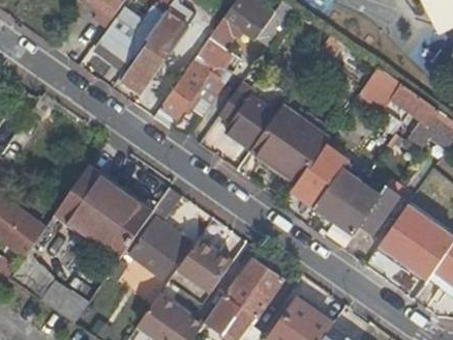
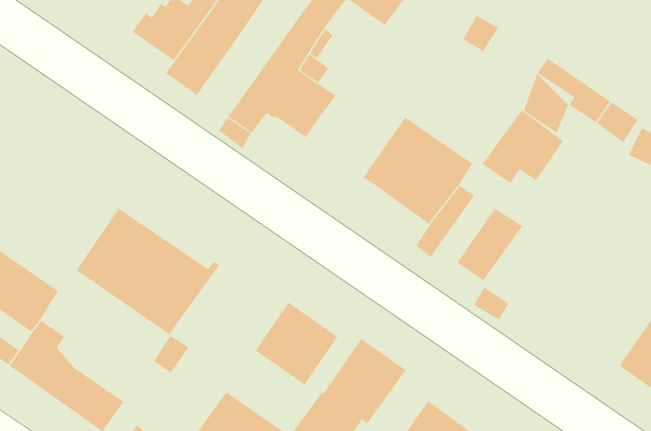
building: [218,81,277,149] -> none
building: [334,182,390,233] -> [482,109,564,184]
building: [124,190,189,279] -> none
building: [380,206,443,271] -> none

